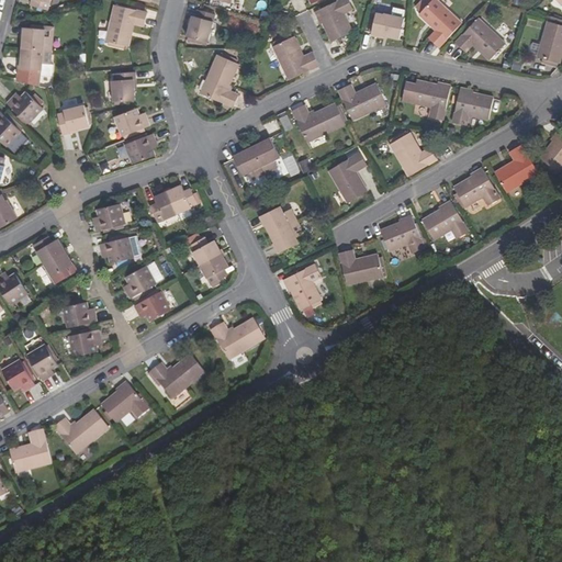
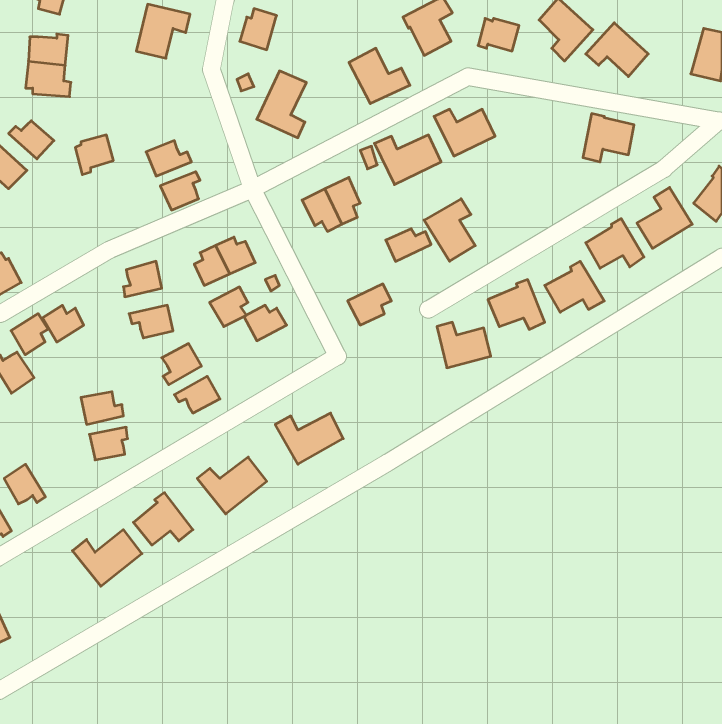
building: [110,71,134,101] -> none
building: [400,80,448,120] -> none
building: [387,134,436,176] -> none
building: [261,207,296,233] -> [386,229,431,261]
building: [44,251,72,283] -> [11,314,48,355]
building: [199,251,228,282] -> [210,287,248,327]
building: [283,263,322,308] -> none
building: [27,344,57,380] -> none
building: [12,430,53,471] -> none

